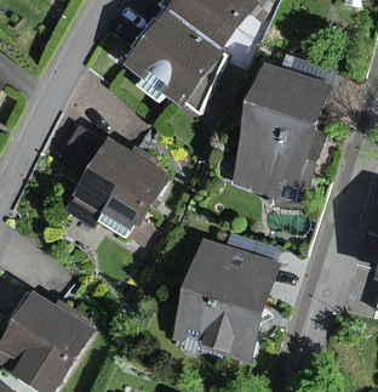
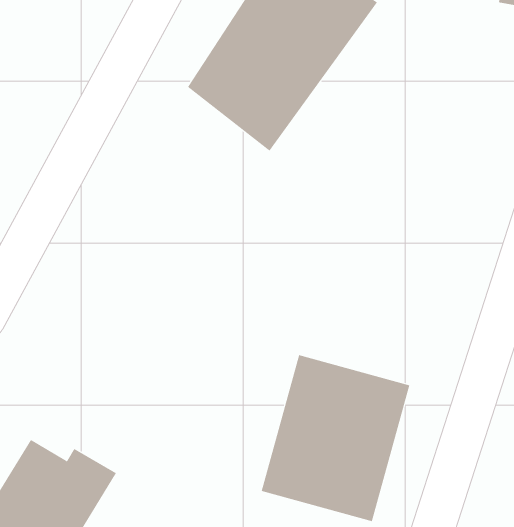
building: [240,61,330,188] -> none
building: [62,147,160,244] -> none

